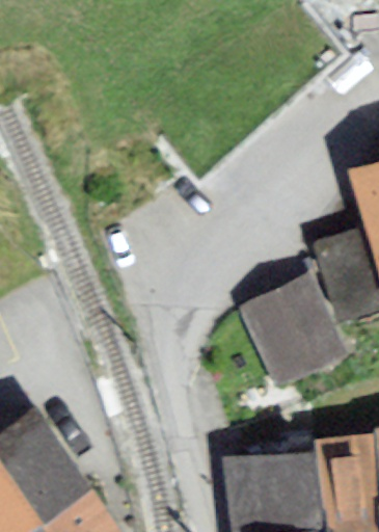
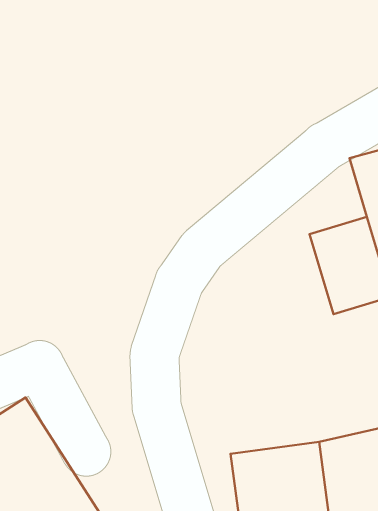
building: [239,277,344,389] -> none

